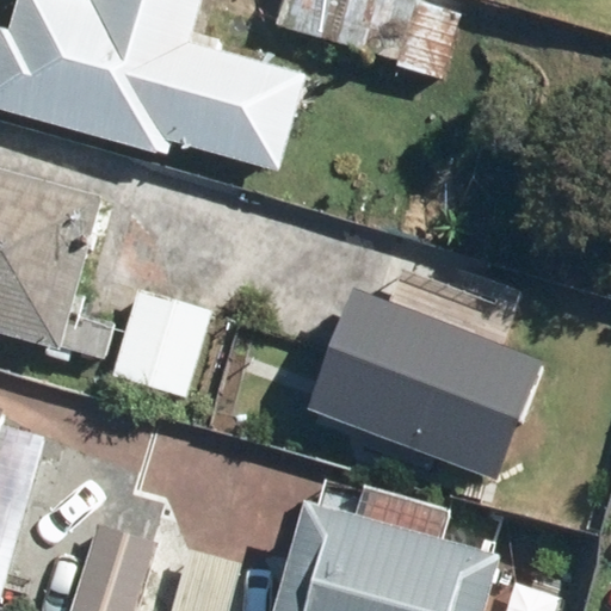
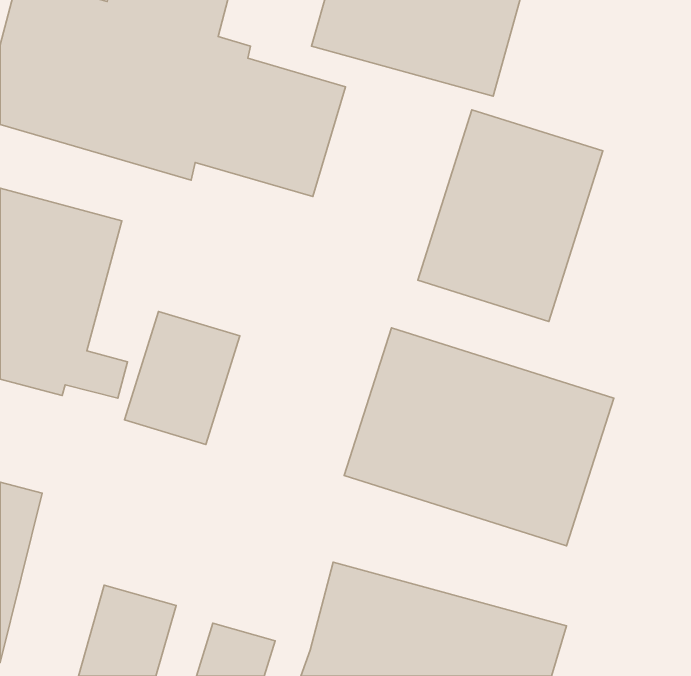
building: none -> [418,110,603,321]

